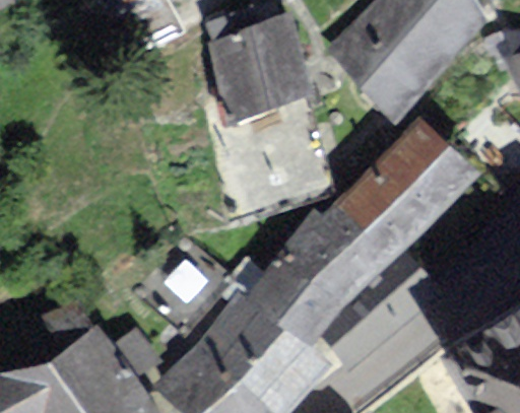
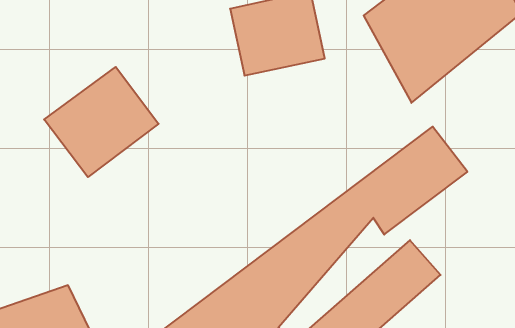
building: none -> [44,67,159,177]

